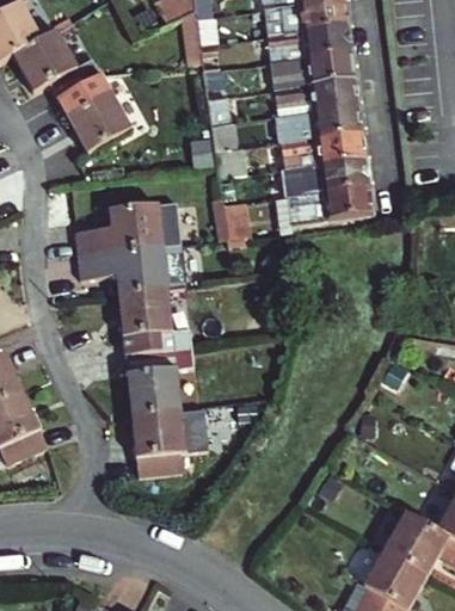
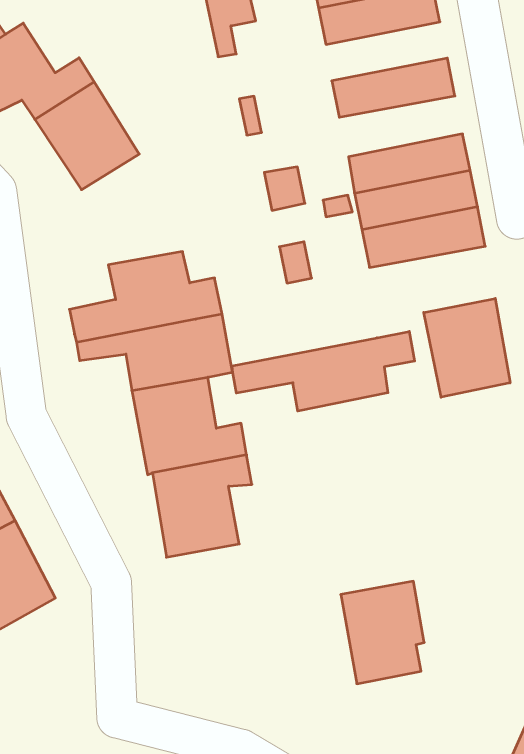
building: [270,49,356,86] -> none
building: [276,103,363,141] -> none
building: none -> [424,298,510,397]
building: none -> [232,331,415,411]
building: [131,412,189,482] -> [341,581,424,684]

